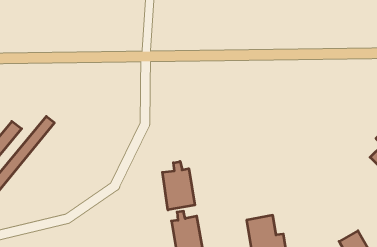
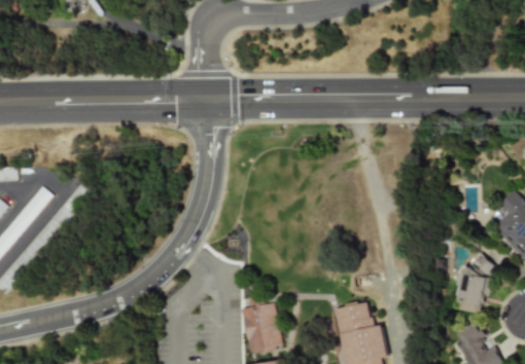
building: [162,161,195,210] -> none
building: none -> [453,258,495,315]

